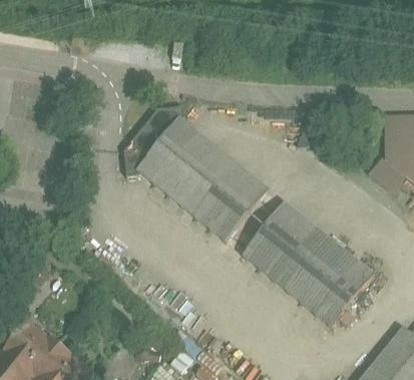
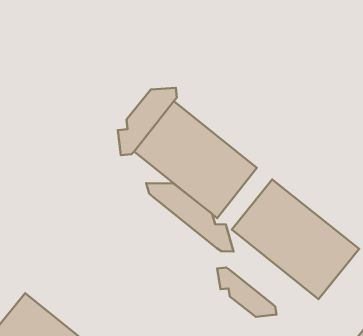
building: none -> [146,183,233,252]
building: none -> [217,267,277,317]

